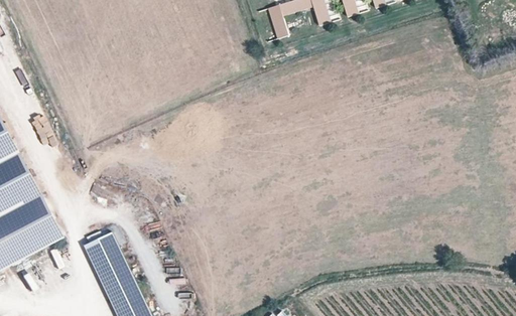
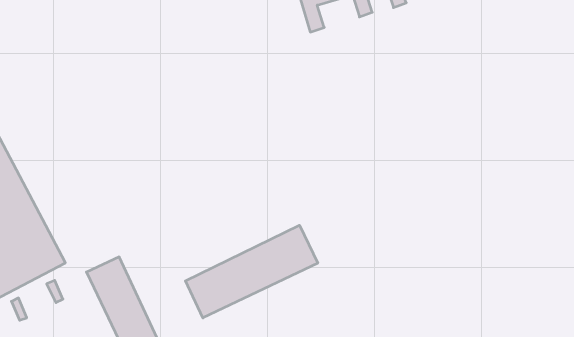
building: none -> [185,225,318,318]

